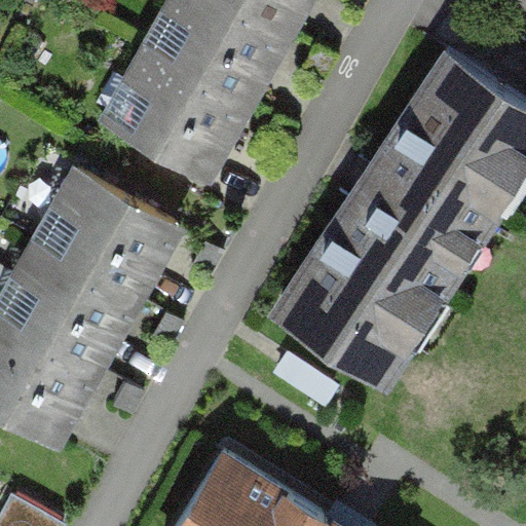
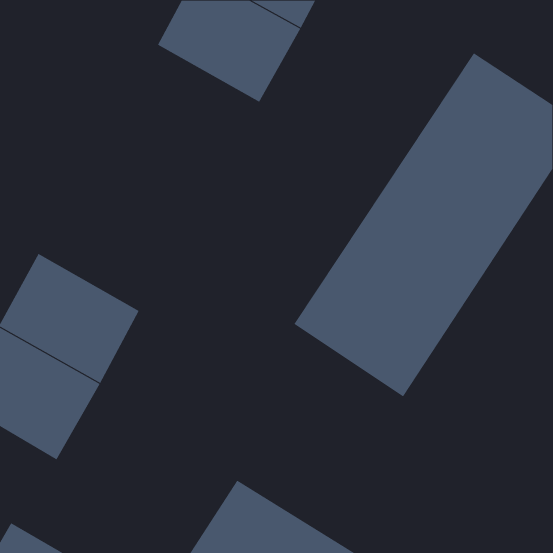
building: [108,46,245,172] -> none
building: [36,171,173,297] -> none

